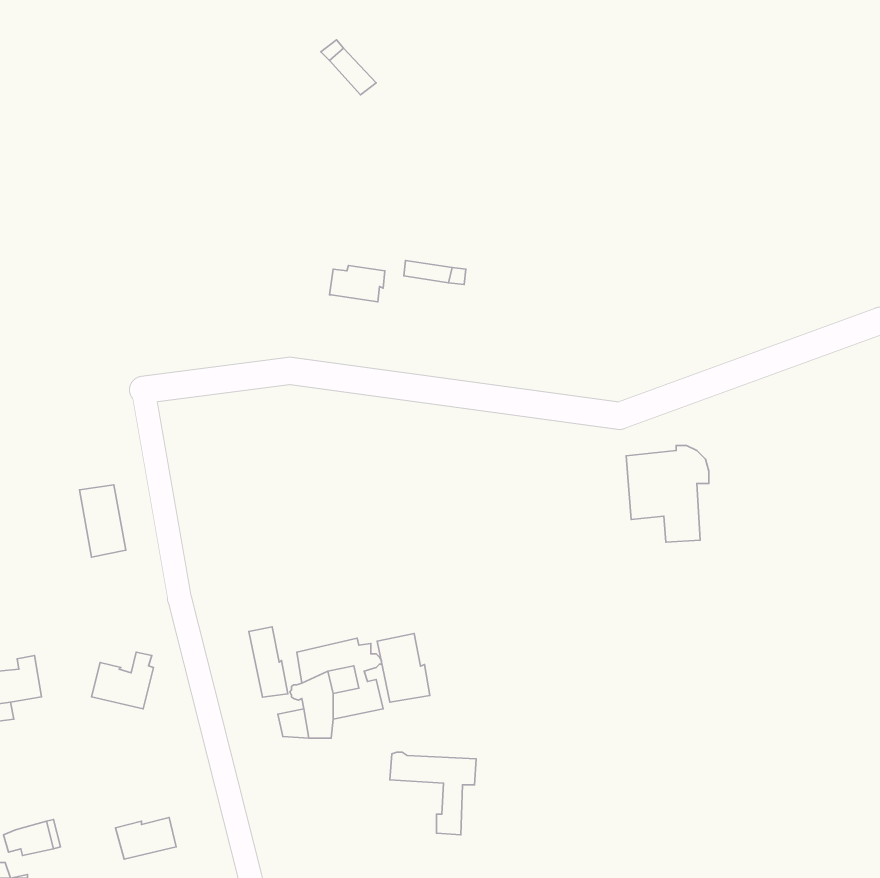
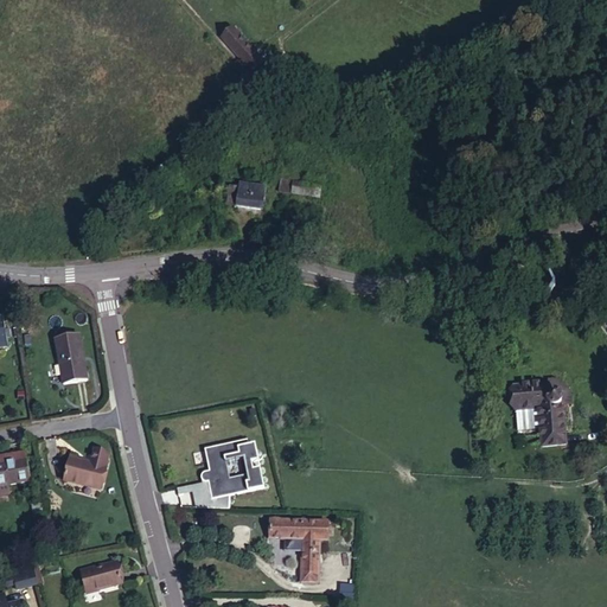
building: [626,445,709,542] -> [513,378,570,445]
building: [249,627,288,697] -> none
building: [377,634,430,702] -> none

